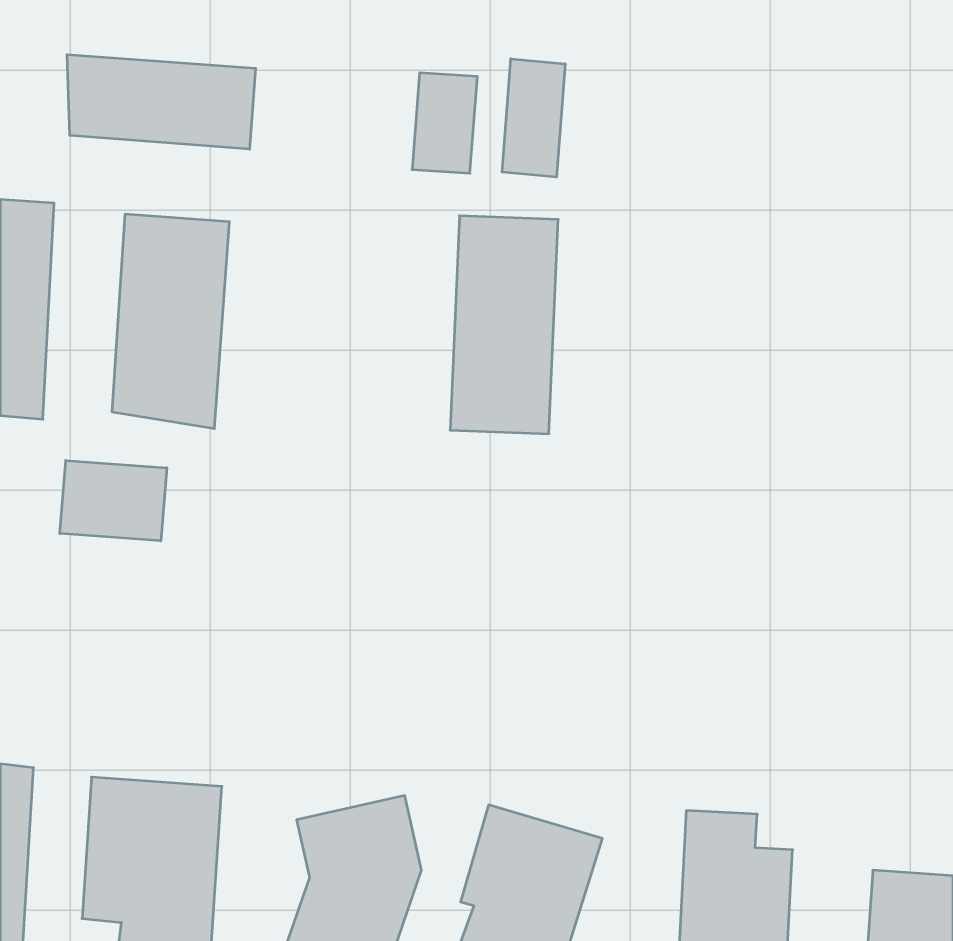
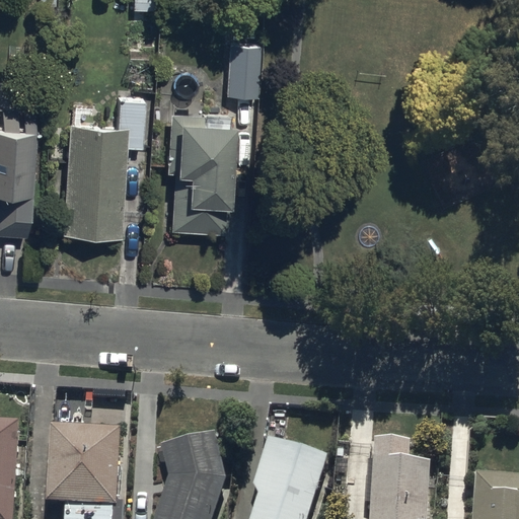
building: [67,55,256,149] -> none
building: [502,59,565,177] -> none
building: [450,216,558,434] -> [169,115,228,233]
building: [60,460,167,541] -> none

